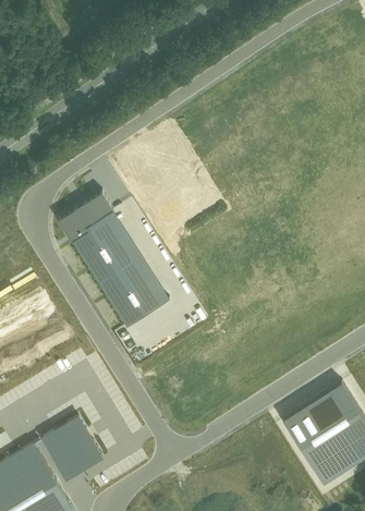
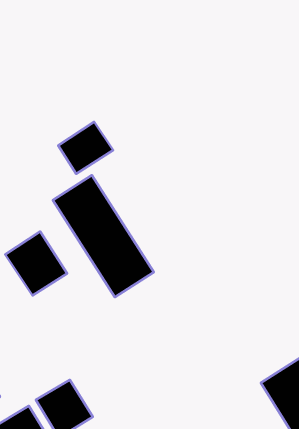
building: none -> [58,122,113,174]
building: none -> [5,231,67,296]

